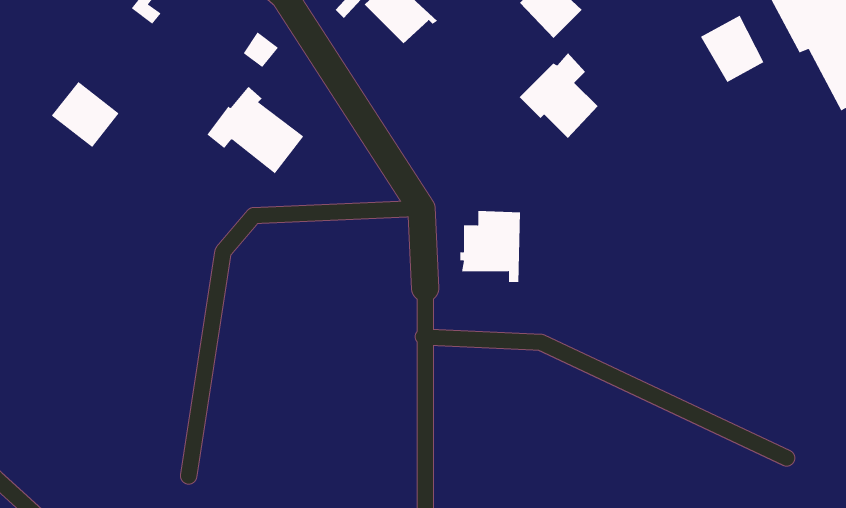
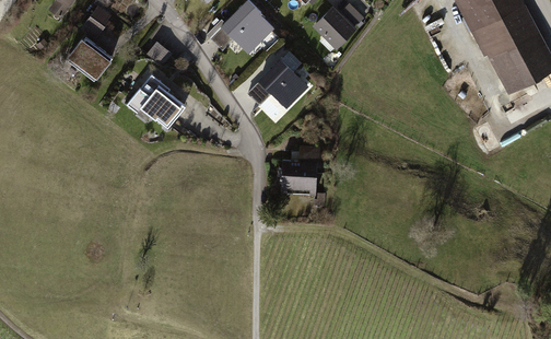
building: [700,15,764,83] -> none
building: [519,52,598,139] -> [258,54,306,106]
building: [51,81,120,148] -> [69,38,110,79]

